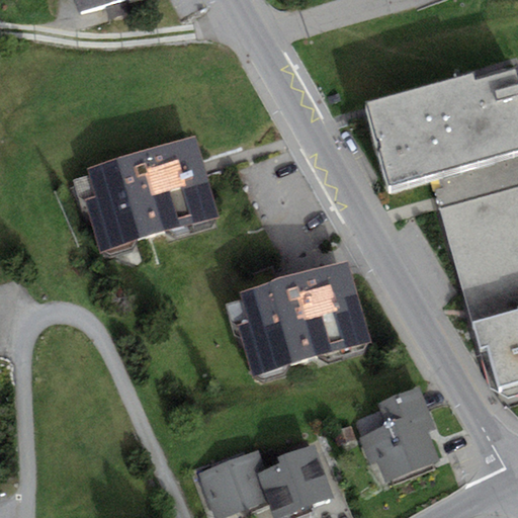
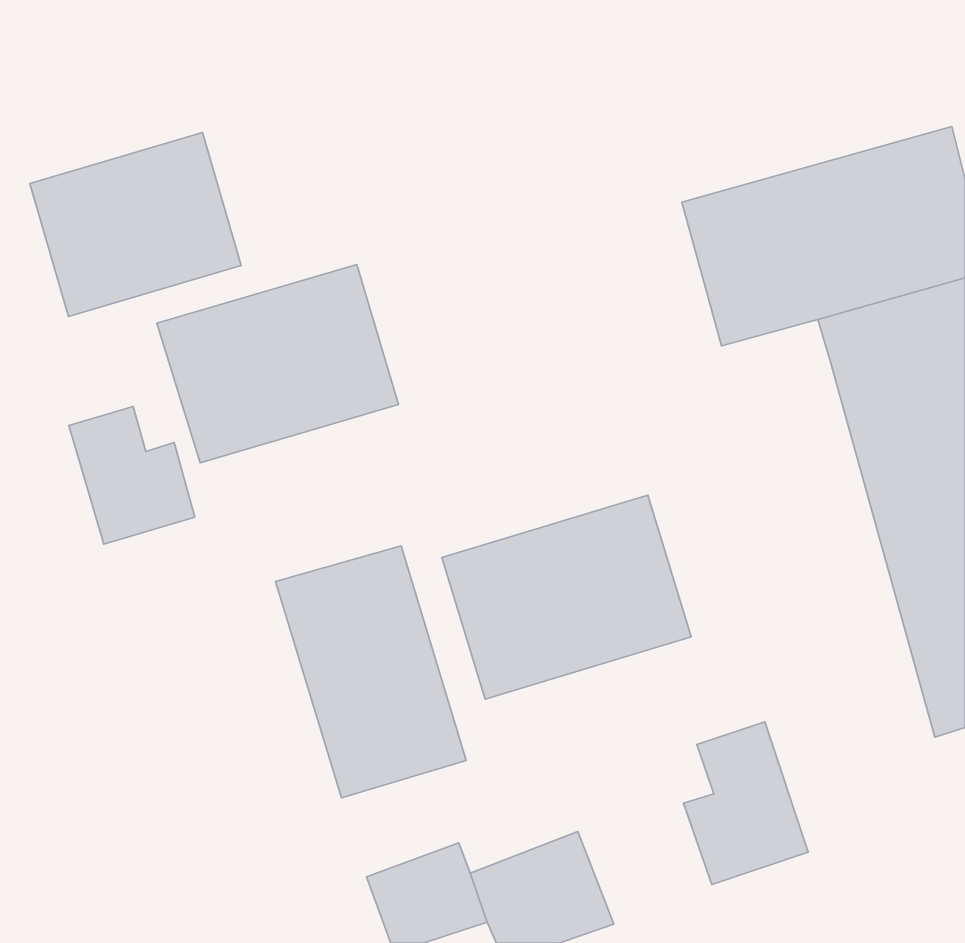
building: none -> [30,132,241,316]
building: none -> [69,407,195,544]
building: none -> [276,546,466,798]

